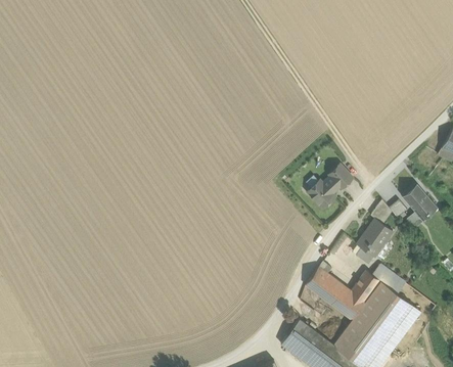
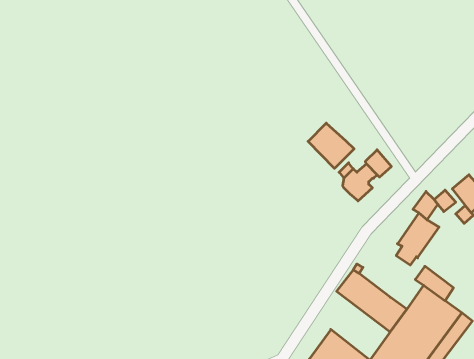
building: none -> [308,123,354,168]
building: [351,271,379,302] -> none

